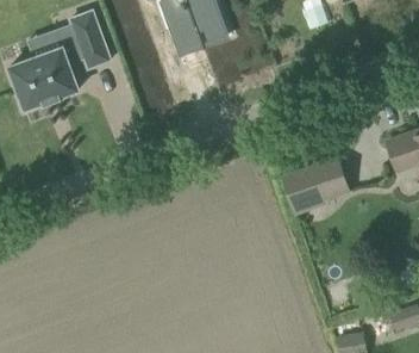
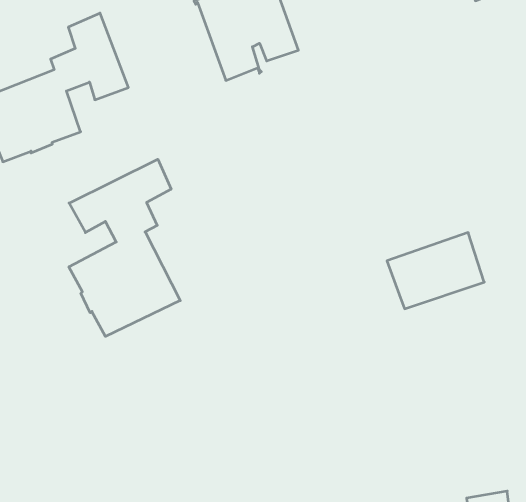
building: none -> [69,159,180,336]

